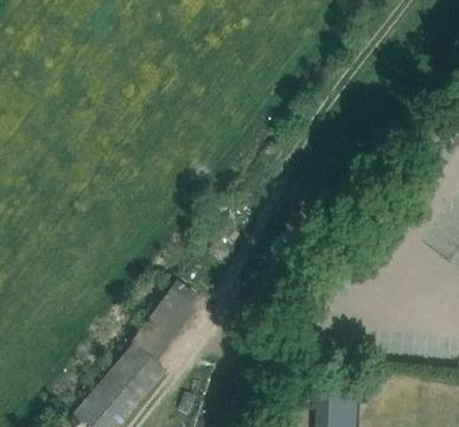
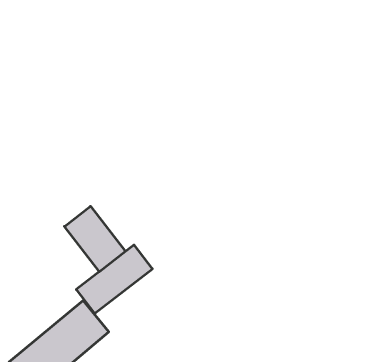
building: none -> [64,206,125,272]

